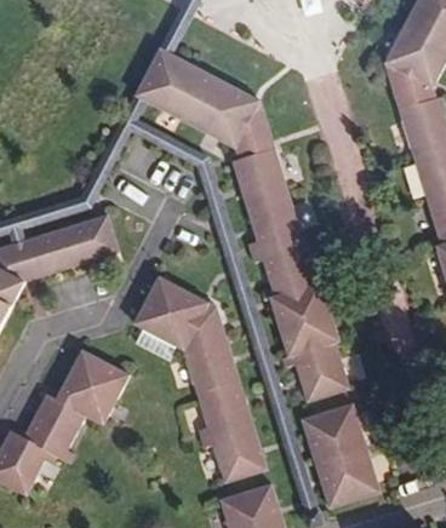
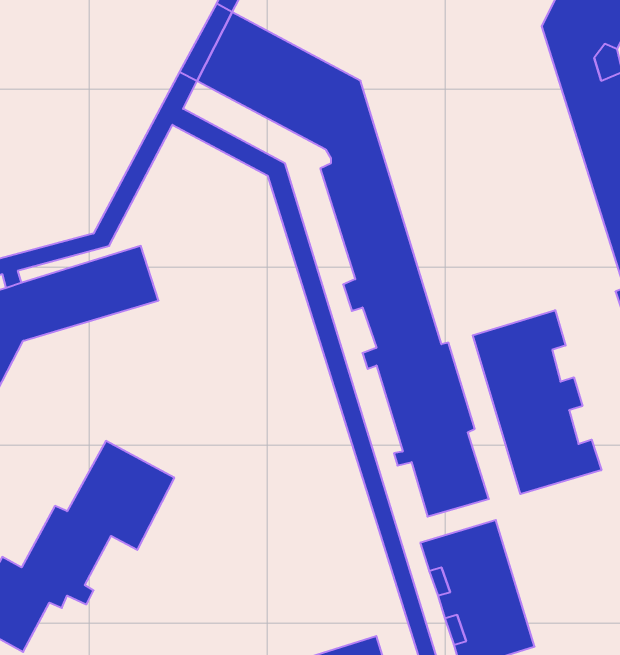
building: none -> [473,310,601,494]
building: [135,277,265,482] -> none

